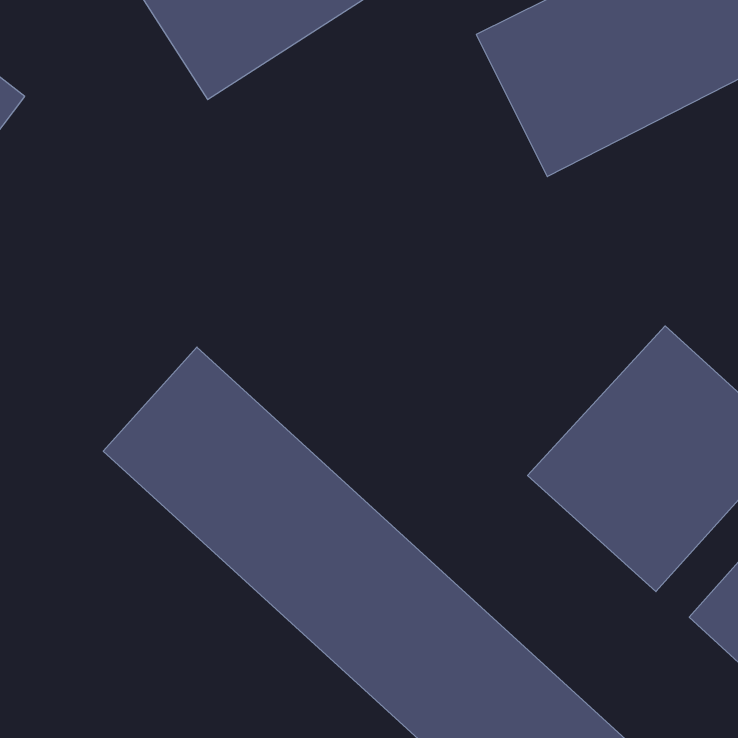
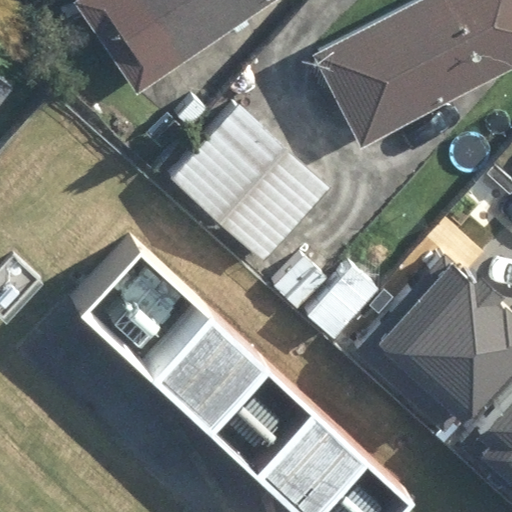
building: none -> [179,105,334,256]

